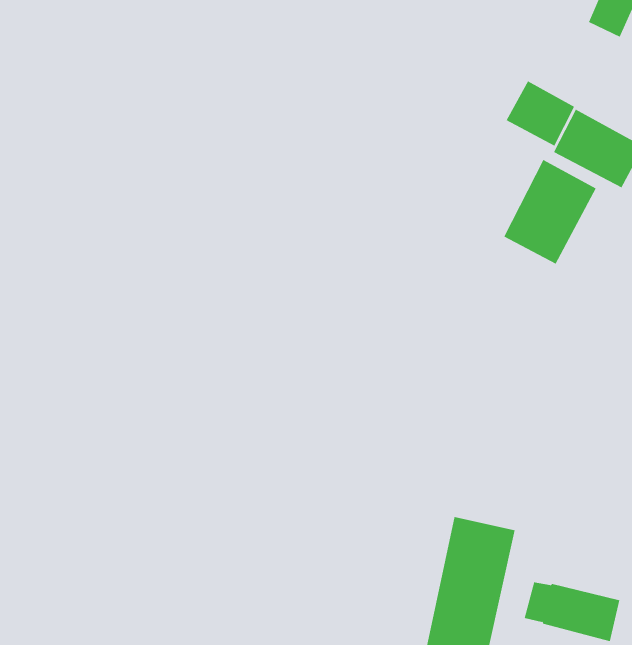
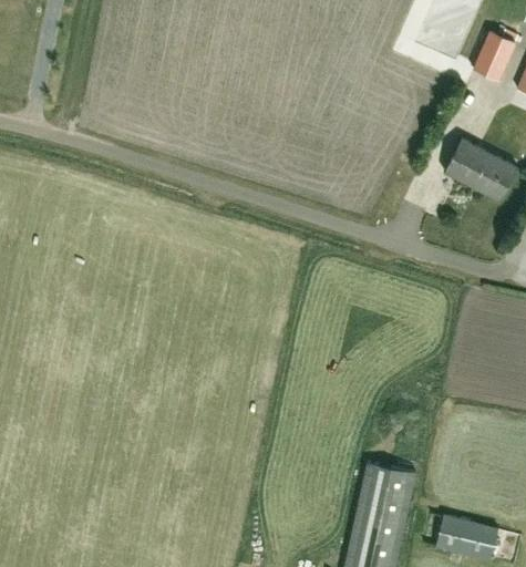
building: [506,81,575,146] -> none
building: [504,159,596,264] -> none

